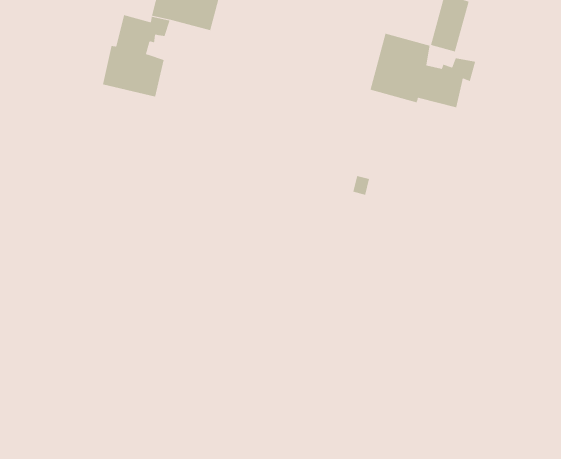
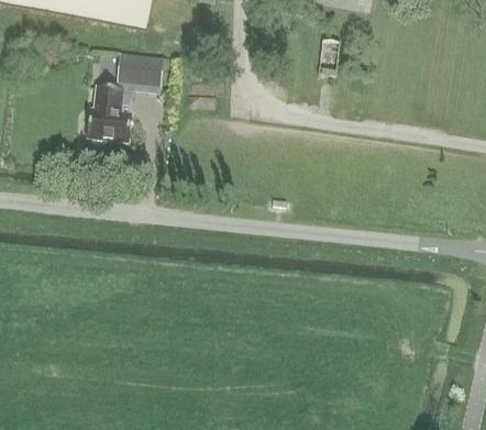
building: [370,33,476,108] -> none

